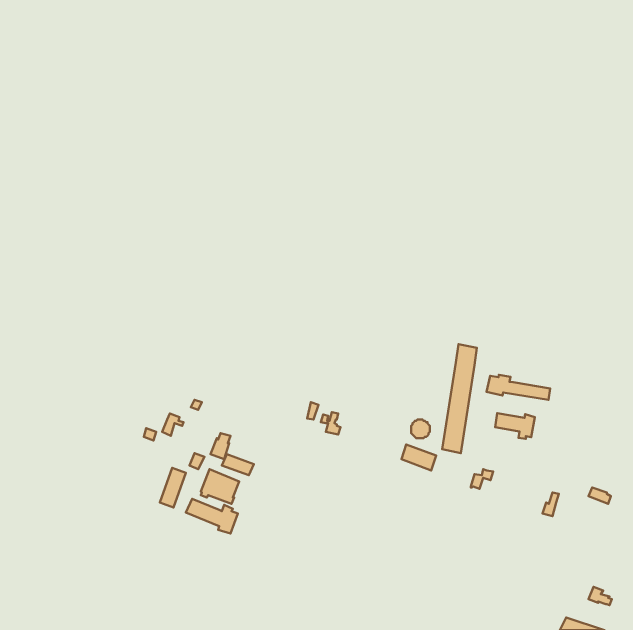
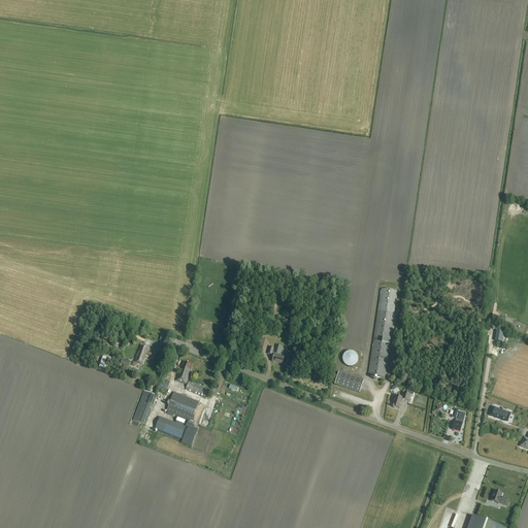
building: [486,375,550,400] -> none
building: [495,413,535,439] -> none

